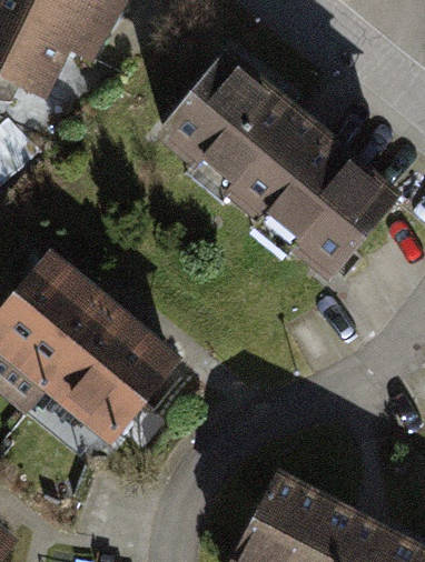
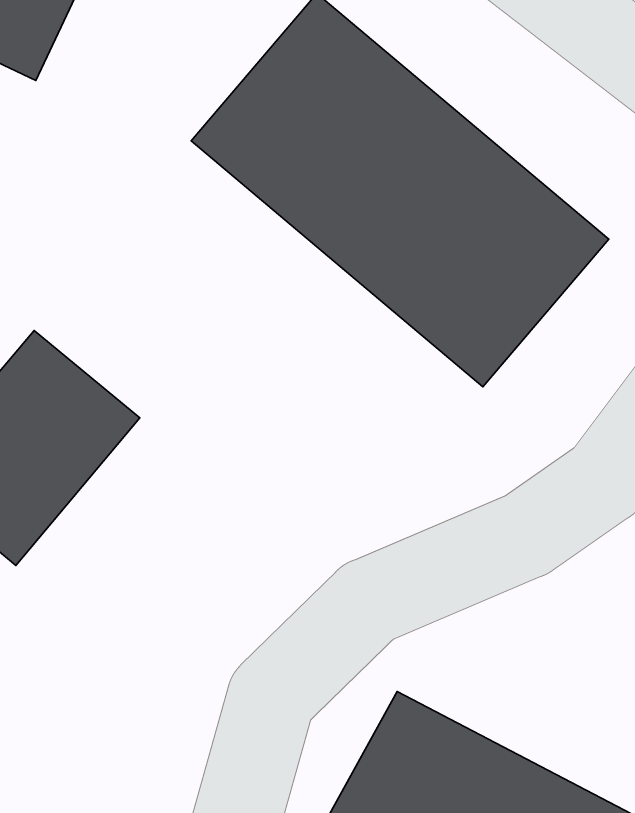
building: [43,307,184,450] -> none

